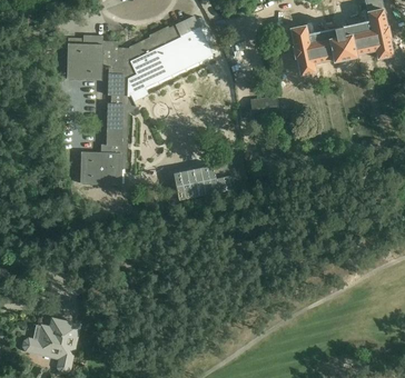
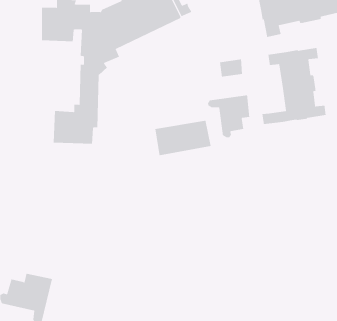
building: none -> [262,47,326,125]
building: none -> [207,94,250,138]

